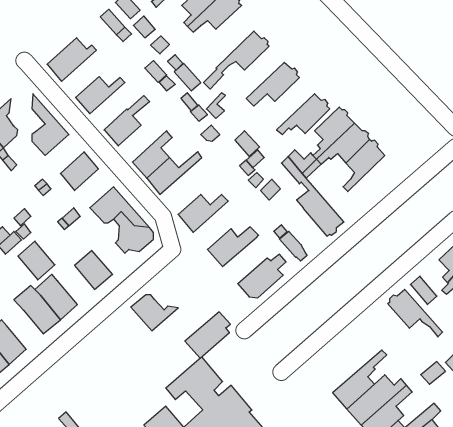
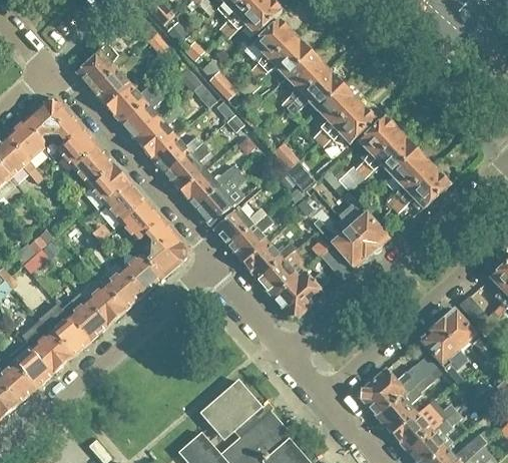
building: none -> [250,19,295,75]
building: none -> [283,52,327,107]
building: none -> [91,54,141,106]
building: none -> [315,85,359,140]
building: none -> [121,90,164,140]
building: none -> [33,96,74,141]
building: none -> [151,135,202,174]
building: none -> [74,145,115,186]
building: none -> [195,165,251,225]
building: none -> [394,167,451,211]
building: none -> [105,181,146,222]
building: none -> [230,215,272,267]
building: none -> [315,217,372,269]
building: [18,241,55,280] -> [87,284,126,325]
building: [131,295,178,331] -> [123,255,173,293]
building: none -> [419,324,464,385]
building: none -> [33,331,72,372]
building: [185,312,230,358] -> [262,254,310,303]
building: none -> [361,355,437,418]

